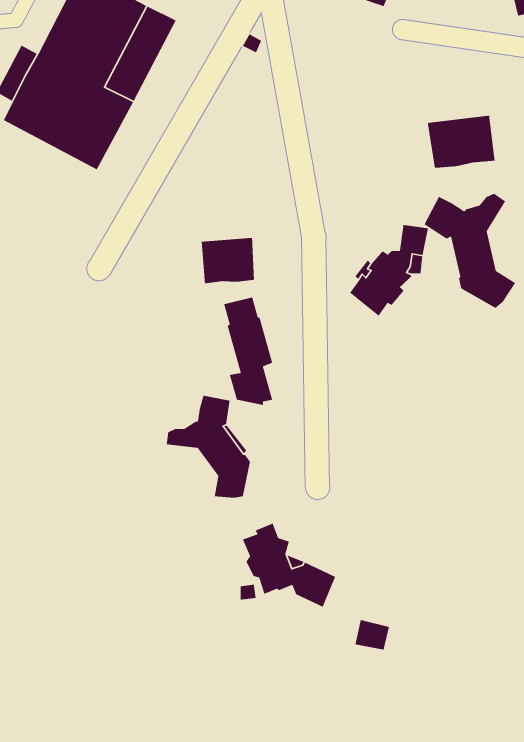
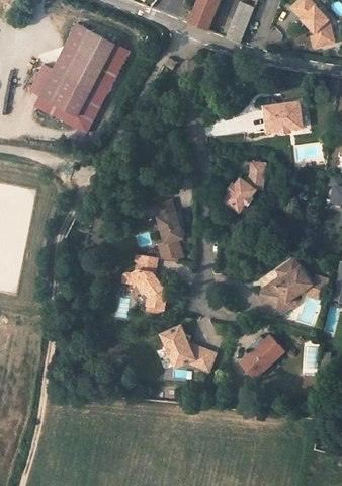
building: [424,193,516,309] -> none
building: [201,237,255,284] -> none
building: none -> [263,262,313,315]
building: none -> [240,335,284,379]

